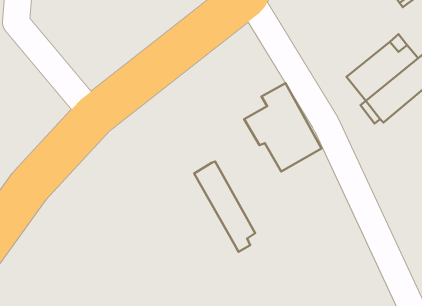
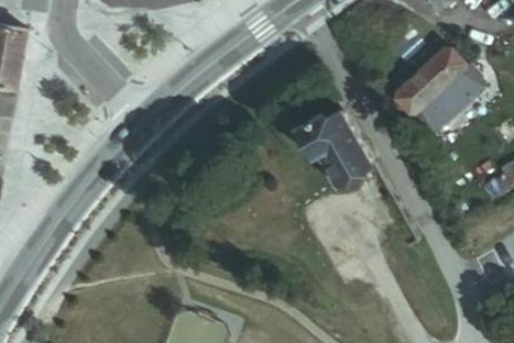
building: [194,161,255,252] -> none

